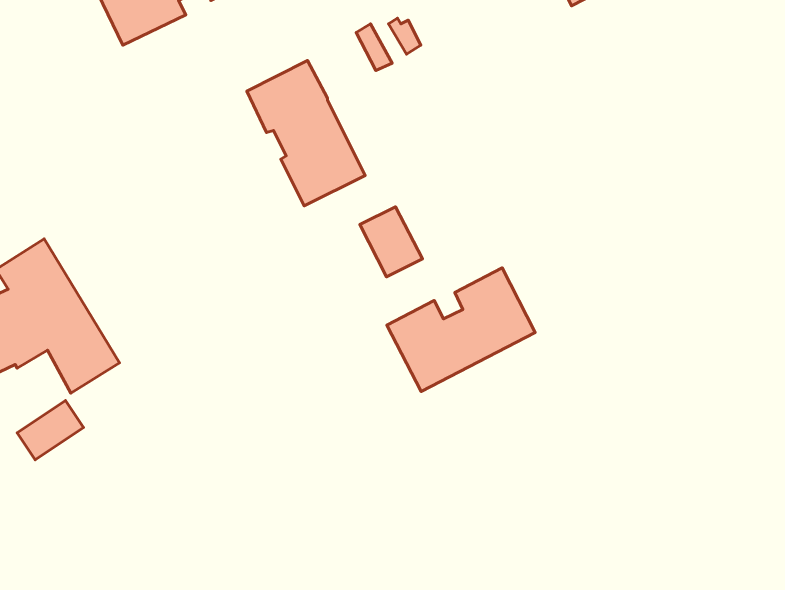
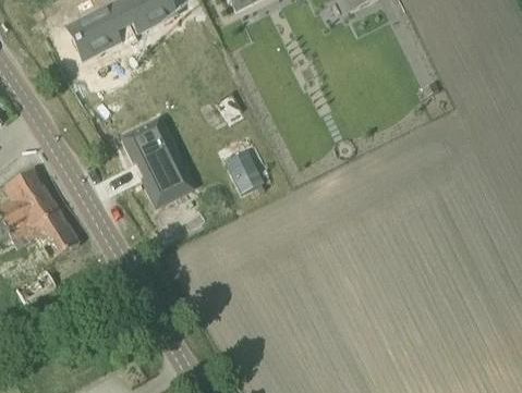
building: [247,61,365,206] -> [122,120,194,208]
building: [387,268,535,391] -> none

